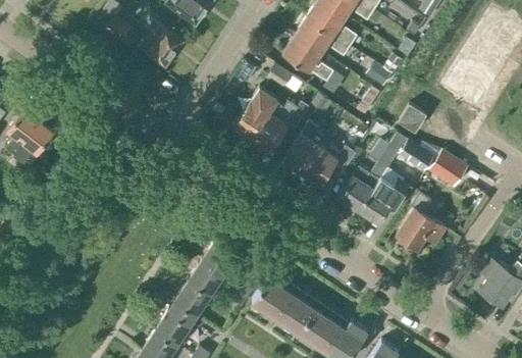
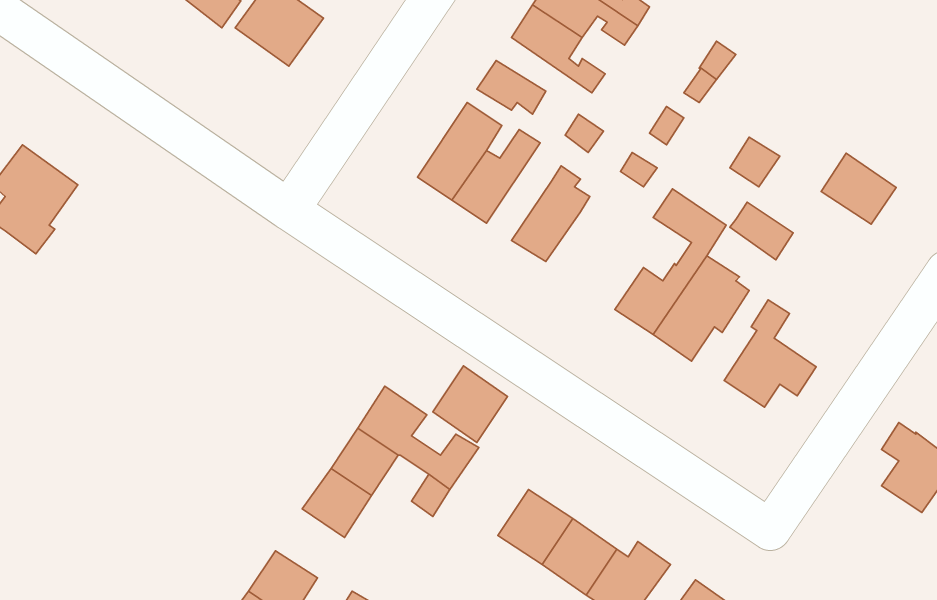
building: [303,145,342,184] -> none
building: [429,149,469,187] -> [821,153,896,224]
building: [254,276,294,317] -> [433,366,508,442]
building: [159,303,196,340] -> none

